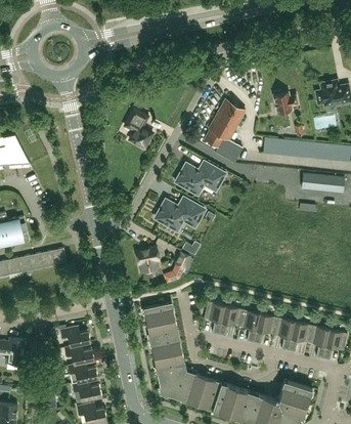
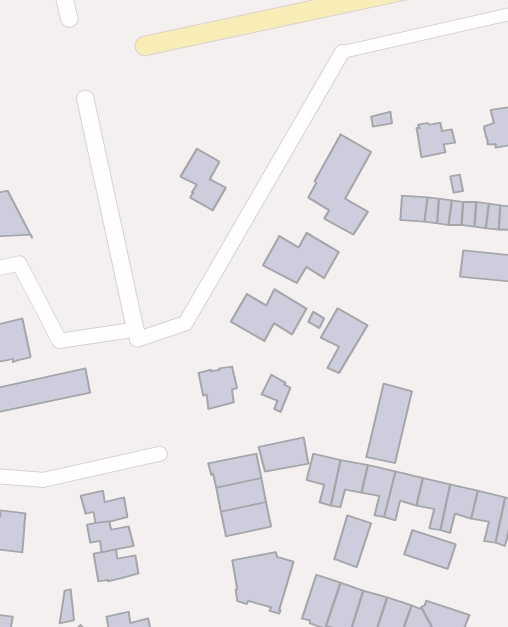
building: none -> [321,308,367,373]
building: none -> [366,384,412,463]
building: [152,348,184,370] -> [258,438,309,471]
building: [186,374,210,407] -> [334,516,371,567]
building: [279,380,312,405] -> [404,530,456,569]
building: [72,381,101,401] -> none

